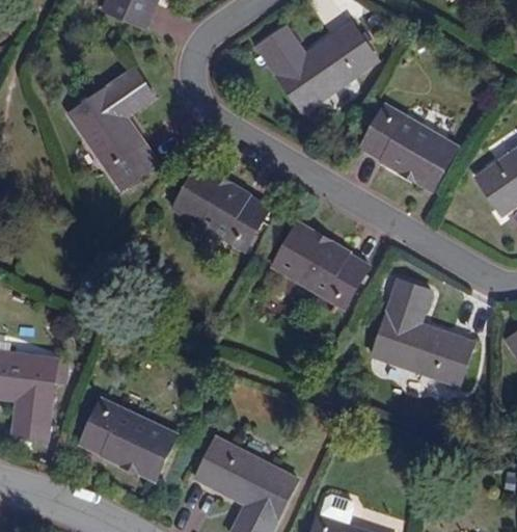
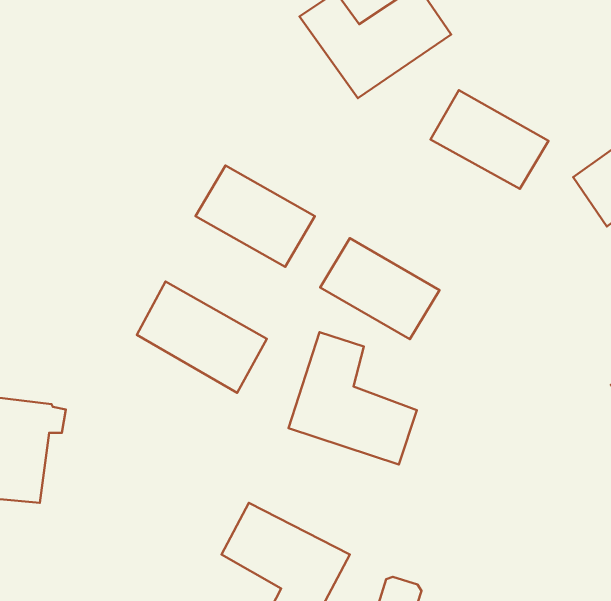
building: [66,66,158,187] -> none
building: none -> [137,281,267,393]
building: [371,280,473,385] -> [289,332,417,464]
building: [82,399,175,476] -> none

